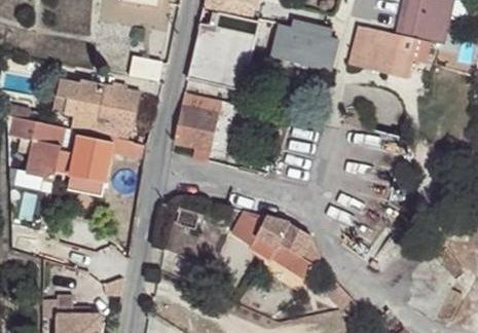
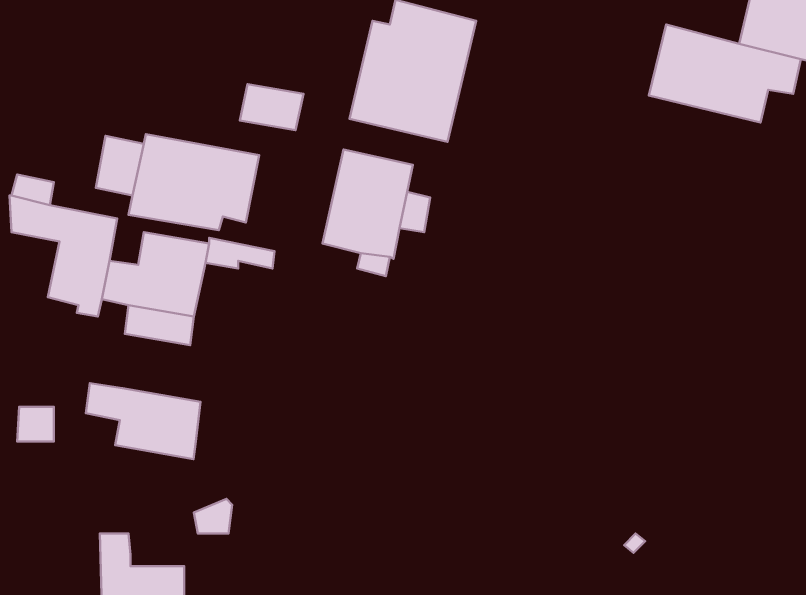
building: [271,20,338,69] -> none
building: [231,210,319,277] -> none
building: none -> [86,383,201,459]

